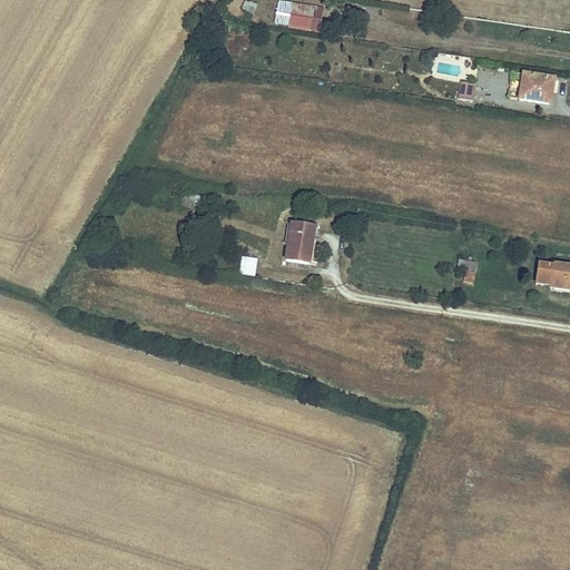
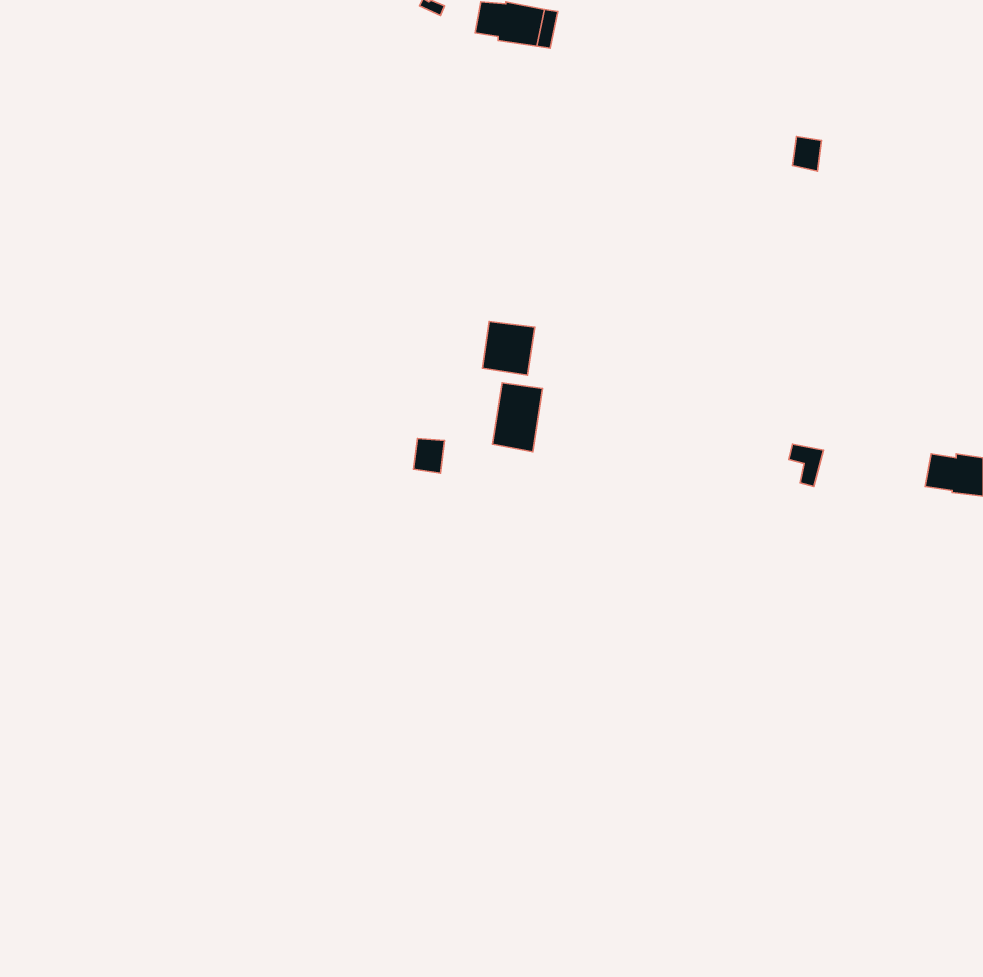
building: [519,71,553,101] -> none
building: none -> [482,321,535,375]

